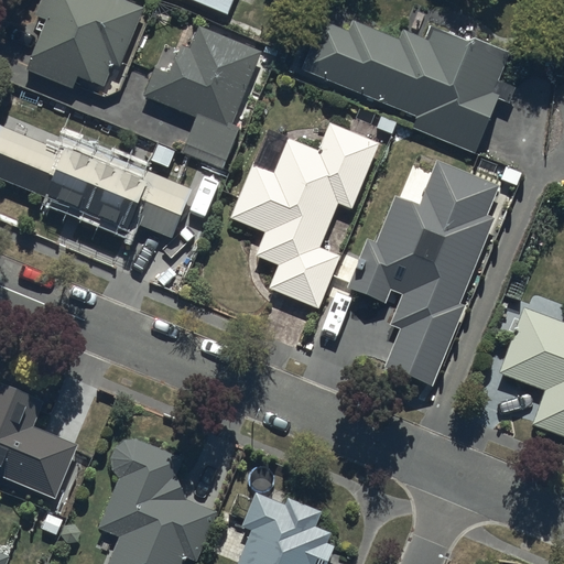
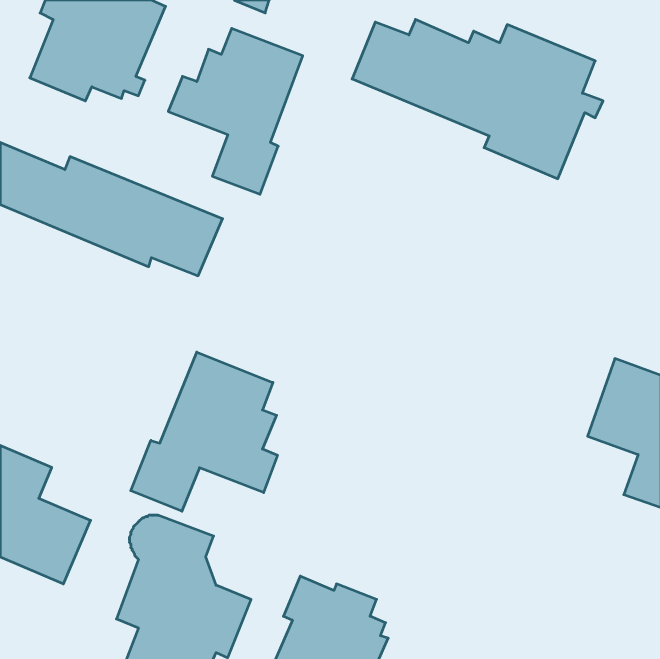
building: [230,123,378,307] -> none
building: [348,161,499,384] -> none
building: none -> [131,352,277,511]

